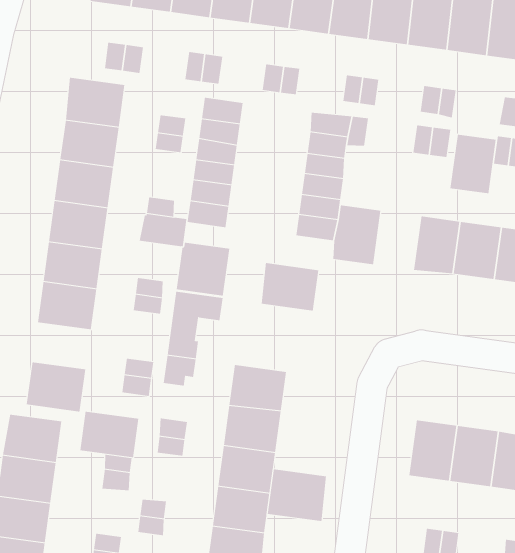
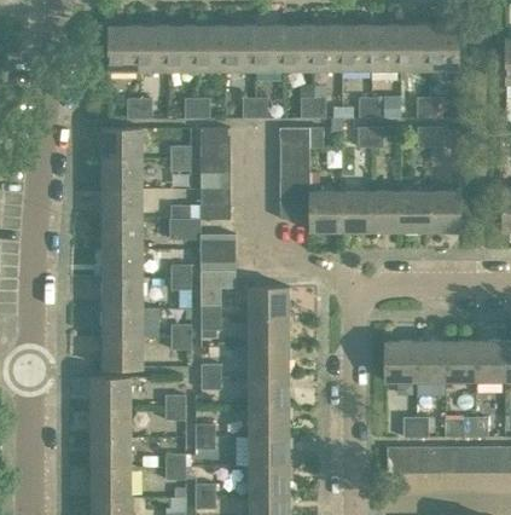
building: [450,134,497,194] -> [339,192,368,232]
building: [261,263,319,311] -> [248,288,288,318]
building: [79,411,139,458] -> [103,307,143,336]
building: [267,469,326,522] -> none

